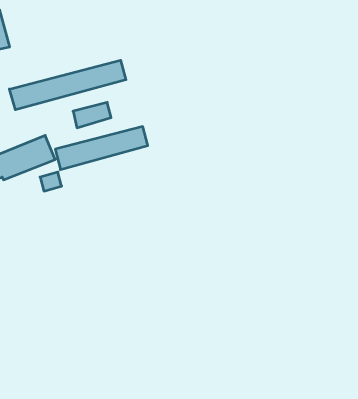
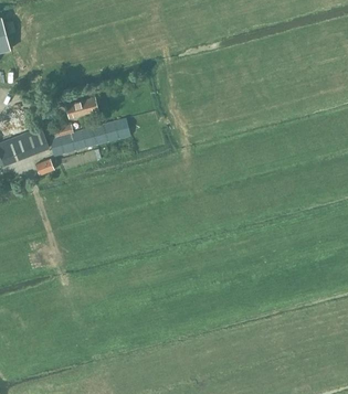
building: [9,60,126,110] -> none

